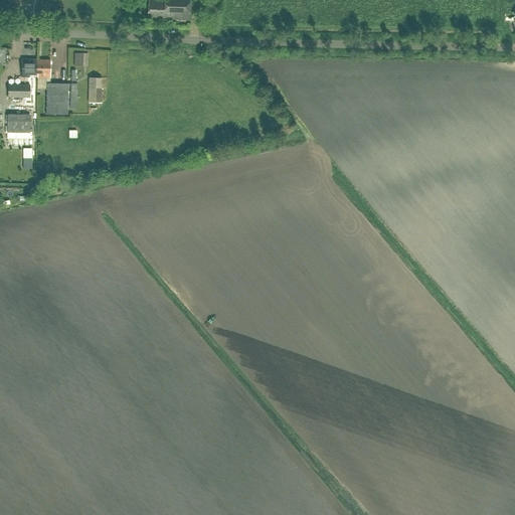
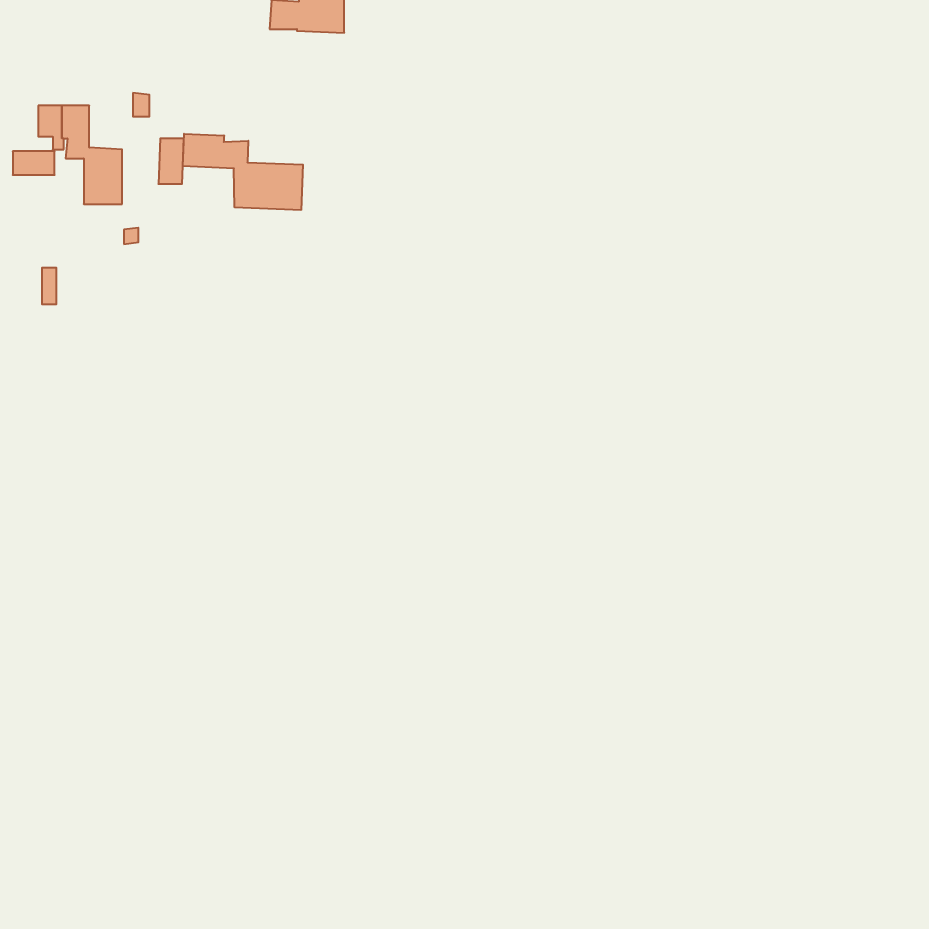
building: none -> [183,134,303,210]
building: [8,116,31,138] -> none

